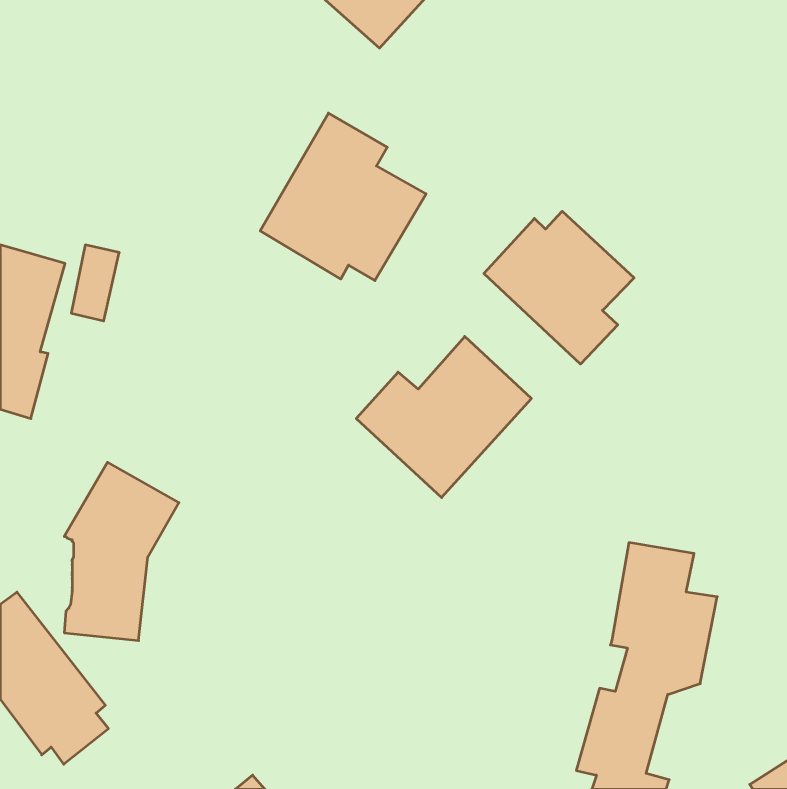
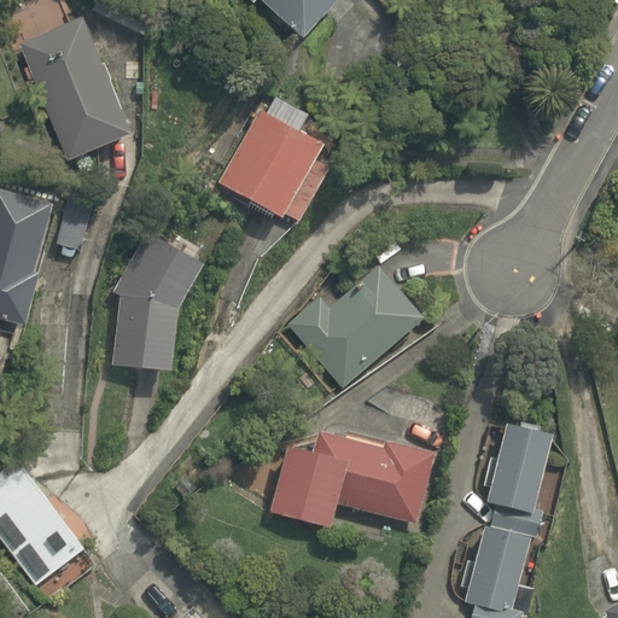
building: none -> [21,19,132,162]
building: [484,211,634,364] -> none
building: [64,462,179,641] -> [115,234,204,373]
building: none -> [255,420,427,524]

